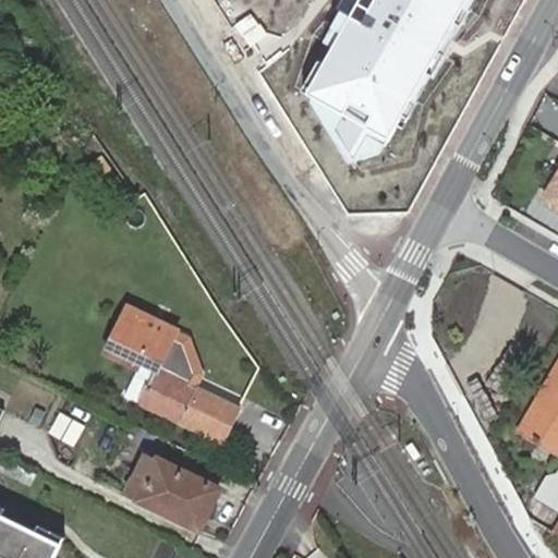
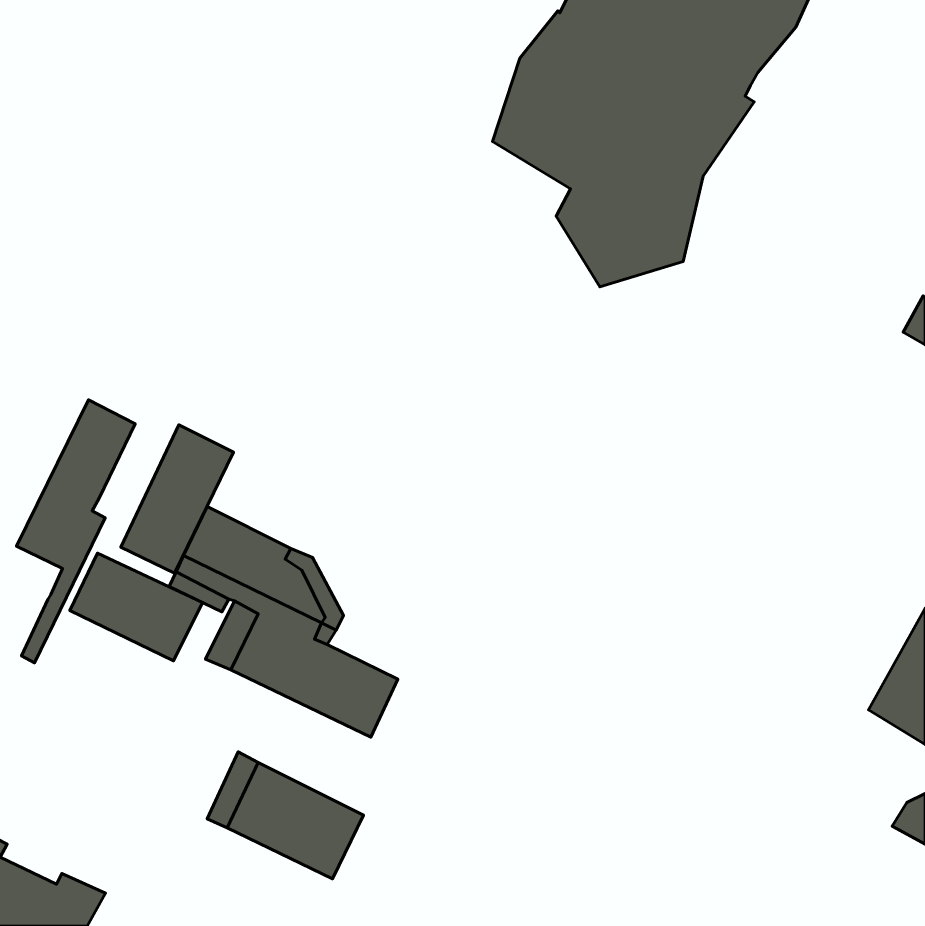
building: none -> [16,400,135,663]
building: none -> [121,425,234,573]
building: none -> [70,553,202,661]

